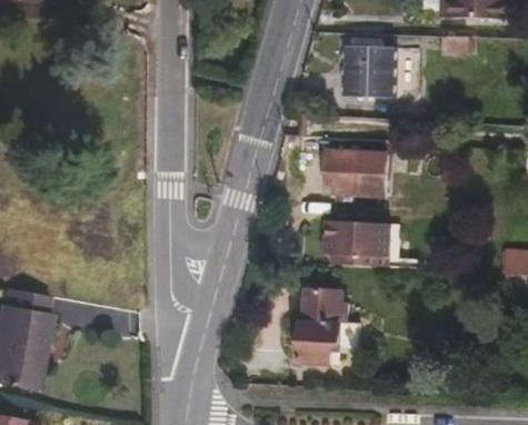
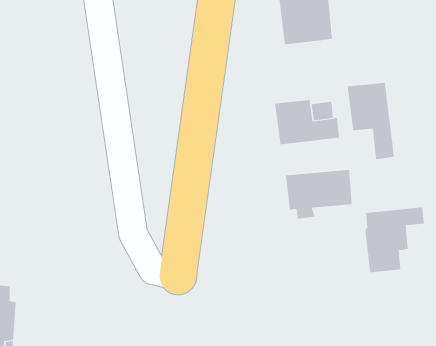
building: none -> [347,82,394,160]
building: [298,303,359,363] -> [365,207,425,273]

